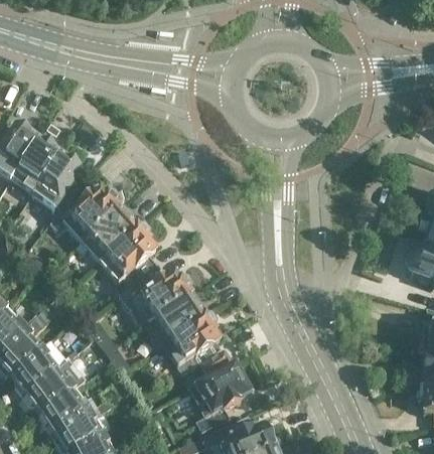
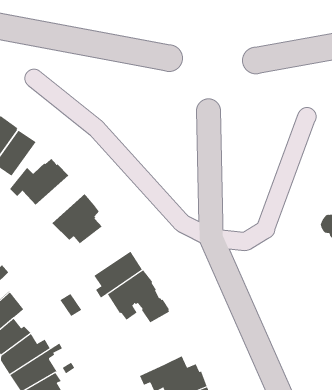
building: [75,207,137,262] -> none
building: [131,266,190,322] -> none
building: [188,363,251,431] -> none

